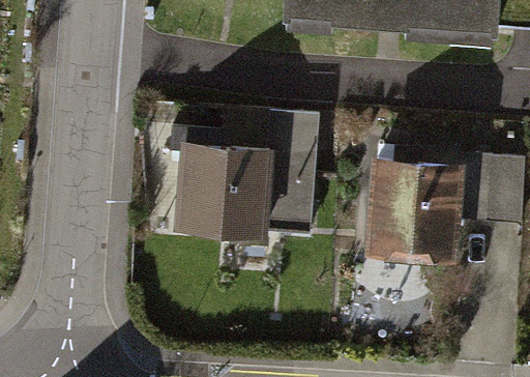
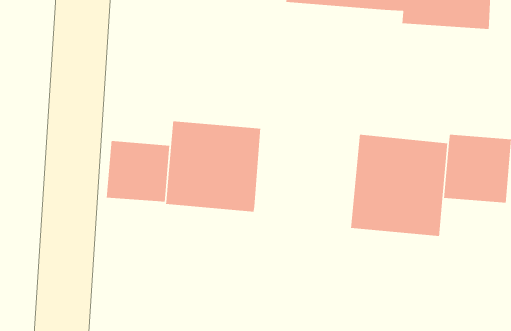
building: [264,110,317,230] -> none
building: none -> [106,140,170,202]

